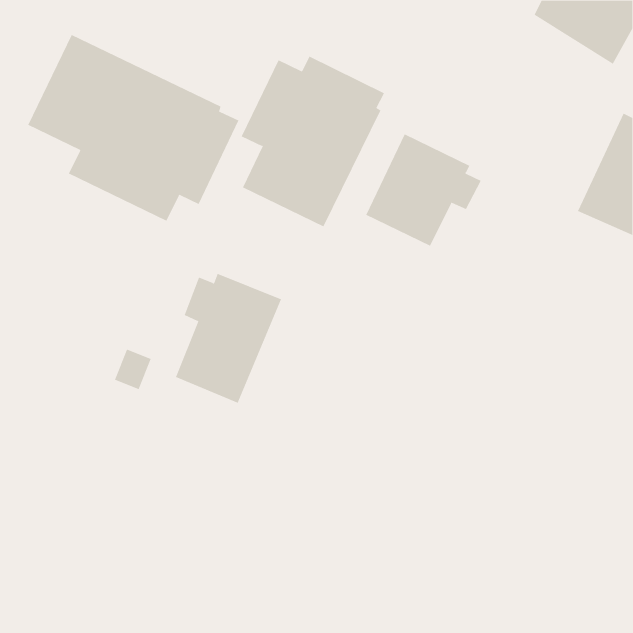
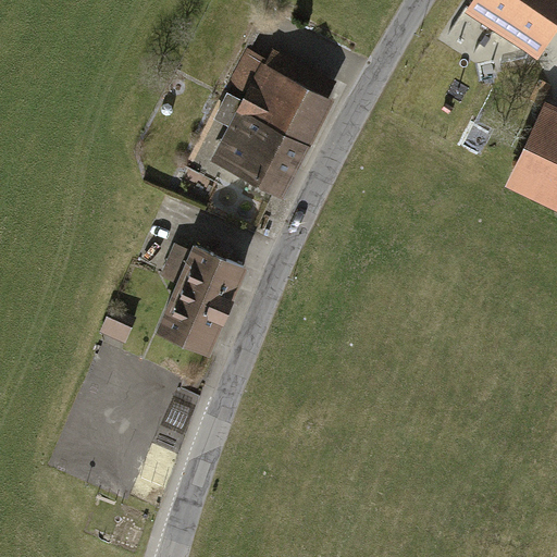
building: [27,34,239,222] -> none
building: [365,133,481,247] -> none

